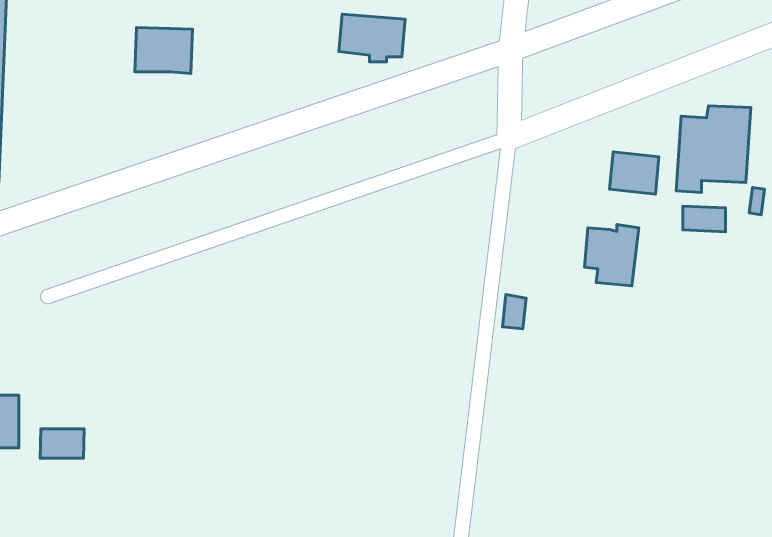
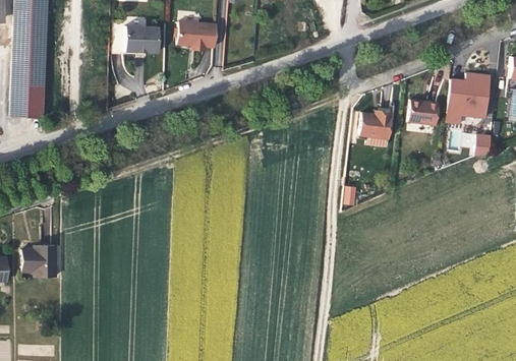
building: [339,14,405,62] -> [177,21,217,50]
building: [584,225,639,286] -> [359,110,392,146]
building: [40,429,84,458] -> none

